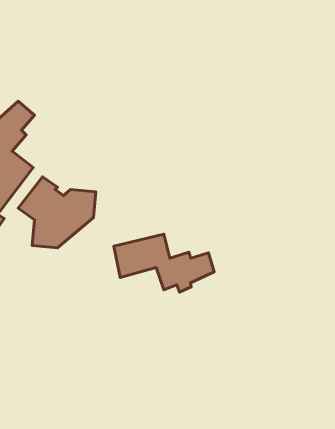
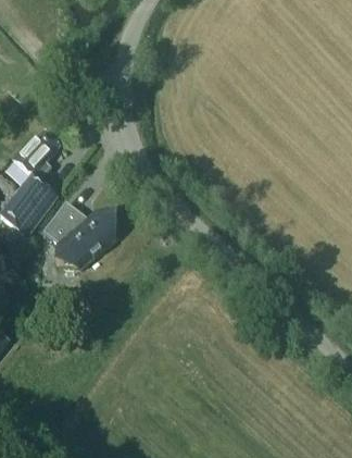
building: [114,234,214,292] -> none

